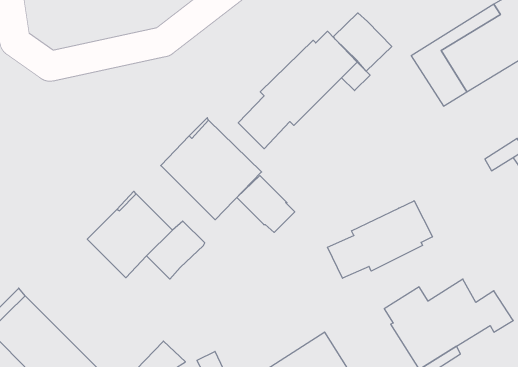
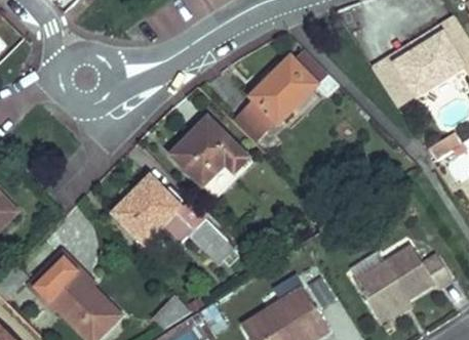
building: [334,13,392,71] -> none
building: [237,176,295,232] -> [188,218,234,263]
building: [327,201,432,278] -> none

